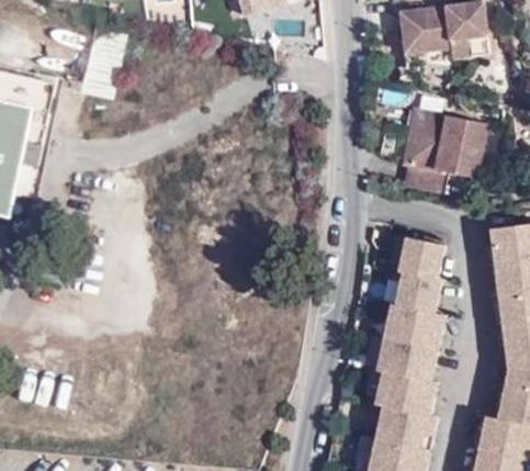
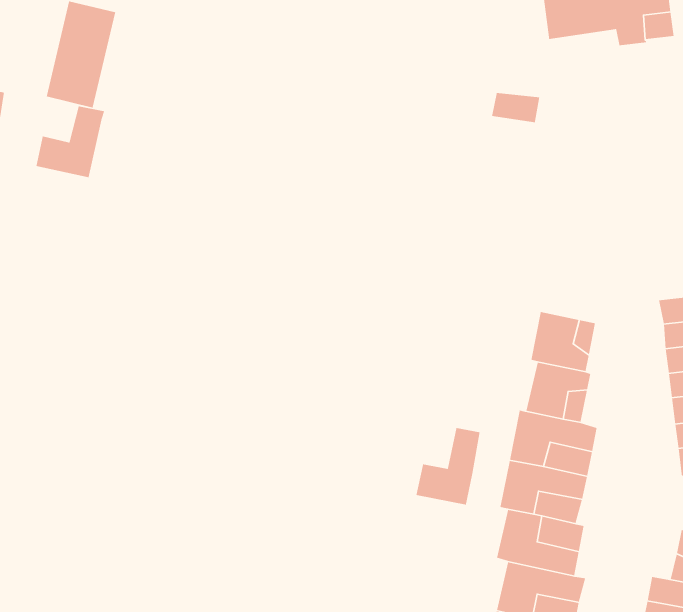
building: none -> [36,106,105,178]
building: [403,110,487,194] -> none
building: none -> [416,427,481,505]

